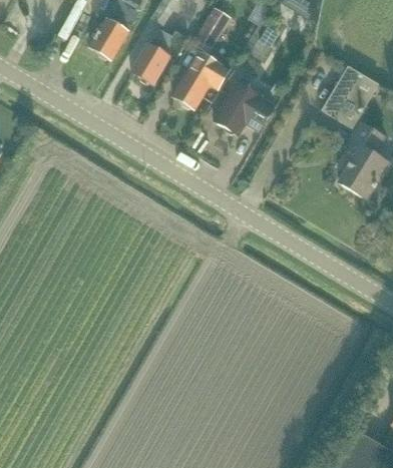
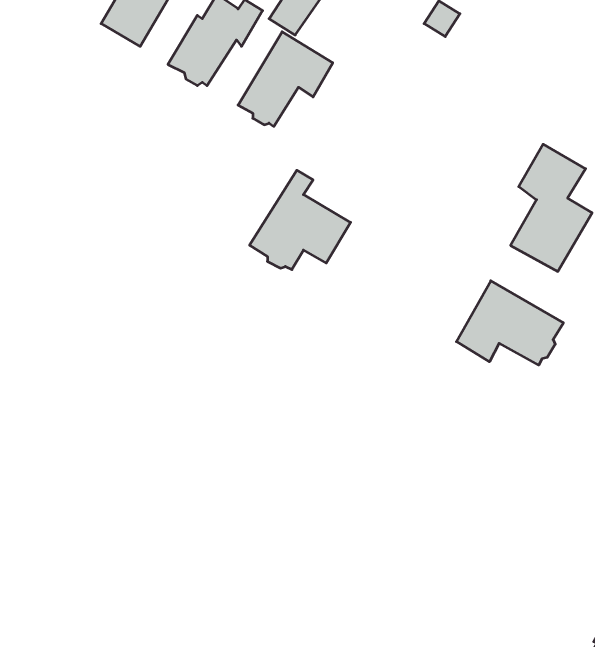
building: [321,64,379,128] -> none
building: [211,73,273,134] -> [250,170,351,270]
building: none -> [456,281,563,365]

